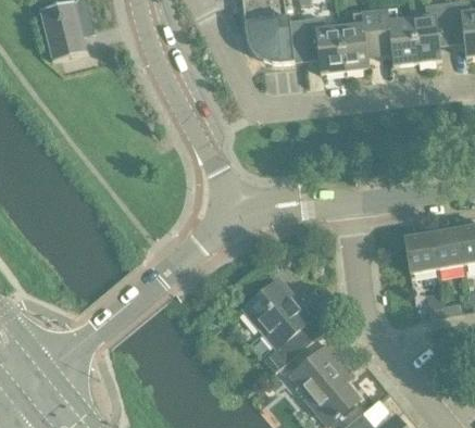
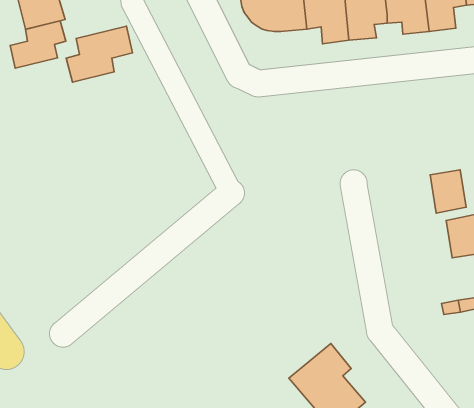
building: none -> [10,21,66,68]
building: none -> [66,26,133,82]
building: [404,234,437,273] -> [430,170,466,213]
building: [242,274,324,372] -> none

